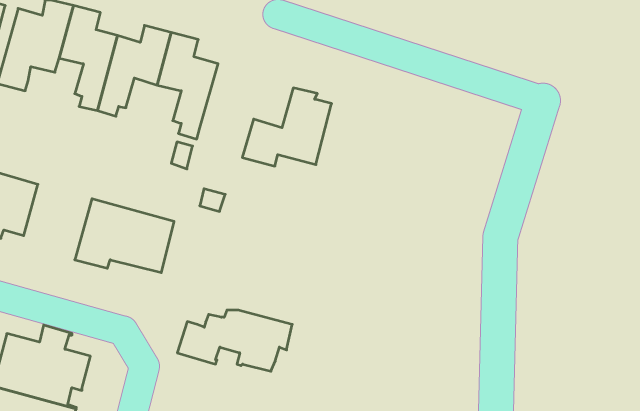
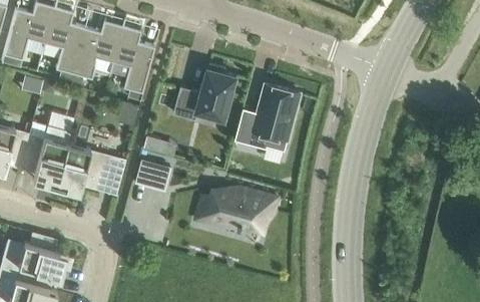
building: none -> [235,83,301,150]
building: none -> [19,120,70,186]
building: none -> [134,159,170,190]
building: [177,310,292,371] -> [198,189,280,232]

